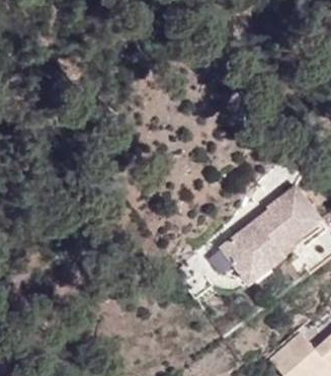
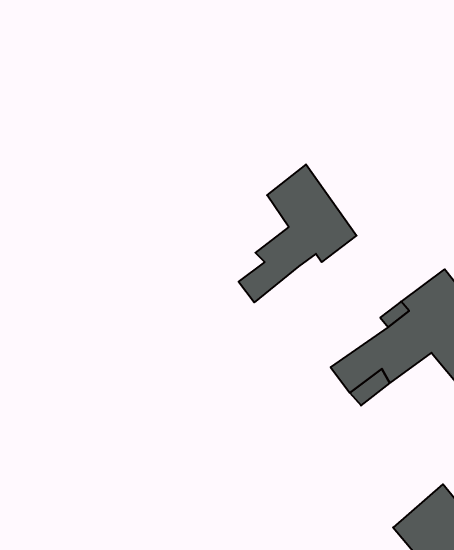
building: none -> [239,164,357,302]

